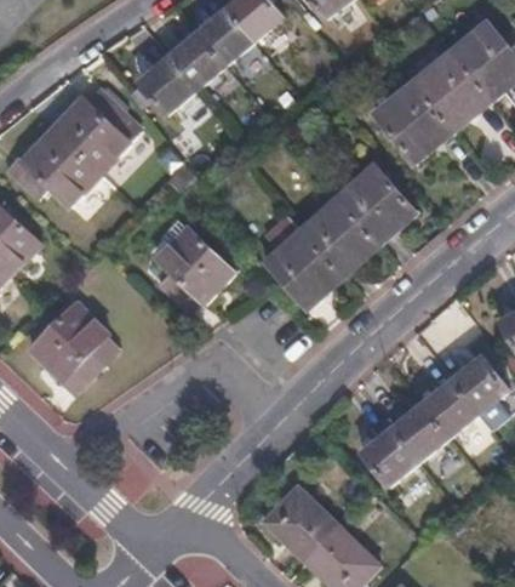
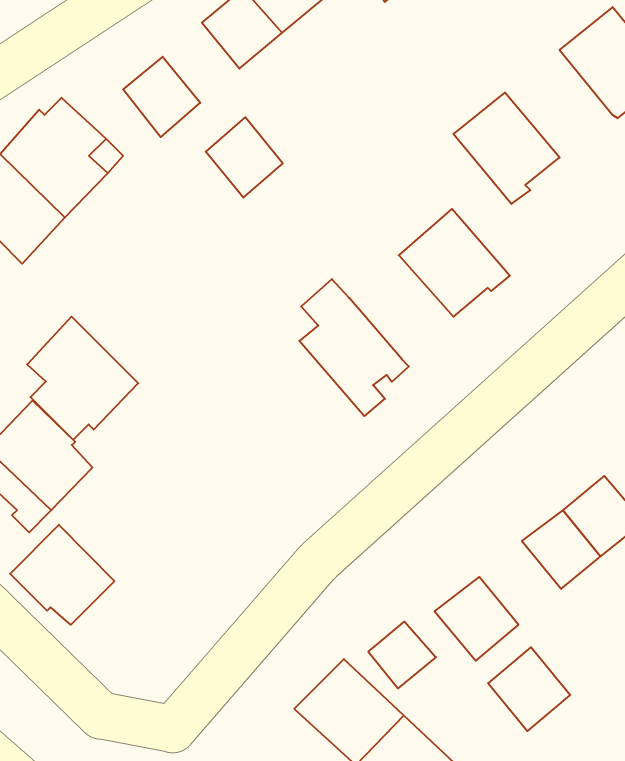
building: [168,34,223,91] -> [206,117,283,198]
building: [411,53,487,133] -> none
building: [301,199,378,273] -> none
building: [156,224,235,312] -> [27,317,138,440]
building: none -> [10,525,114,625]
building: [393,401,451,461] -> [488,647,570,731]
building: none -> [368,622,436,688]

